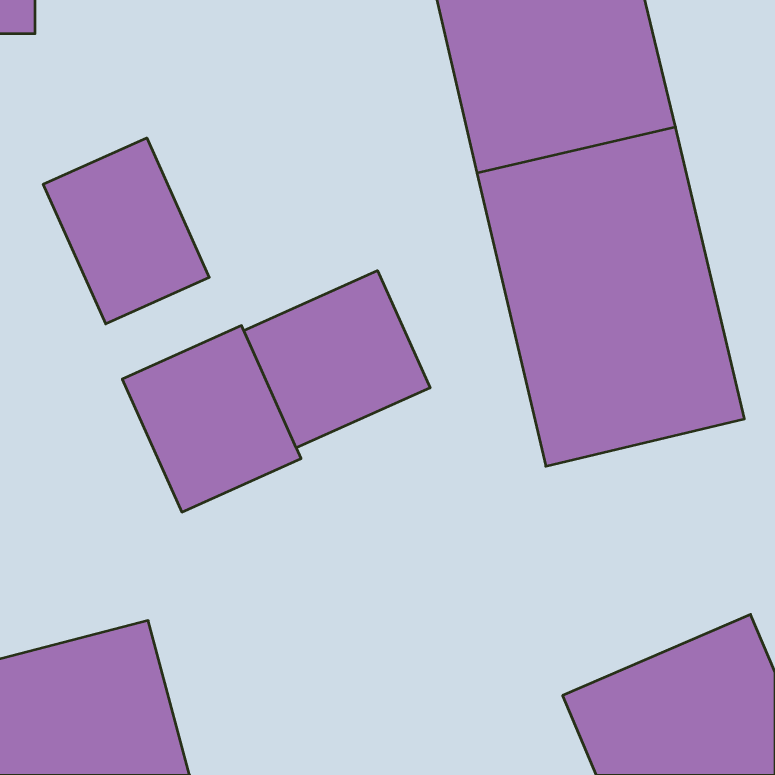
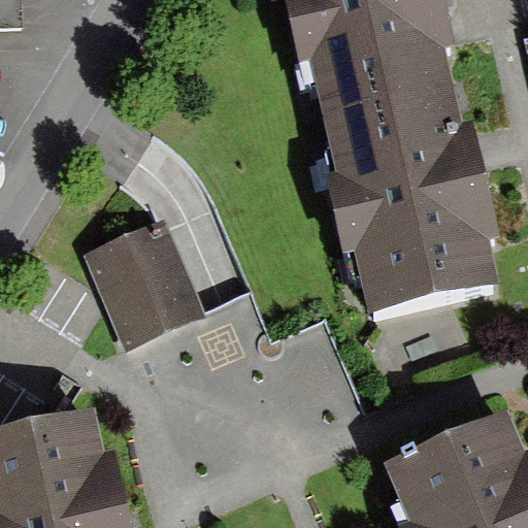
building: [43,138,209,324] -> none
building: [244,271,430,448] -> none

